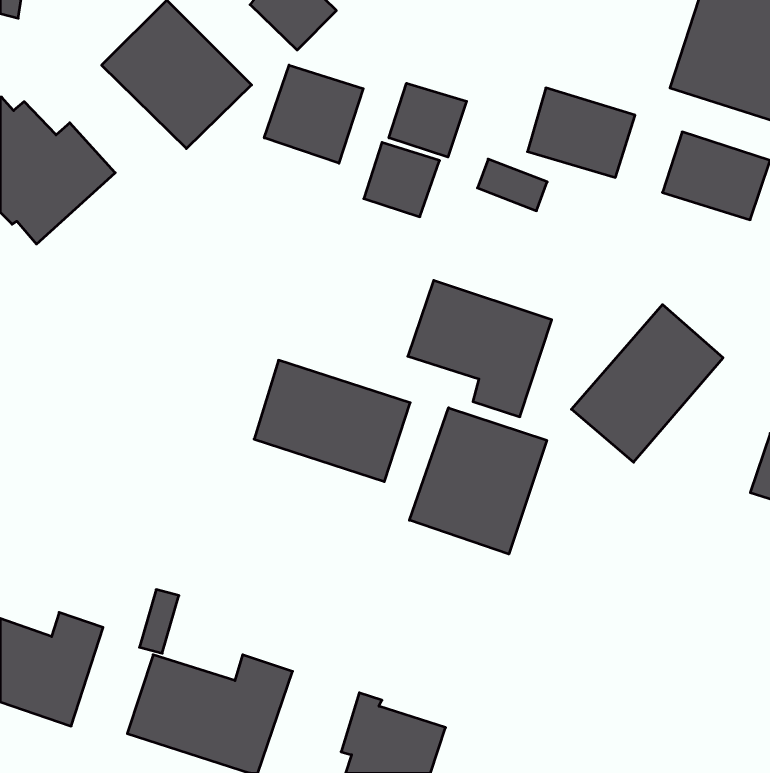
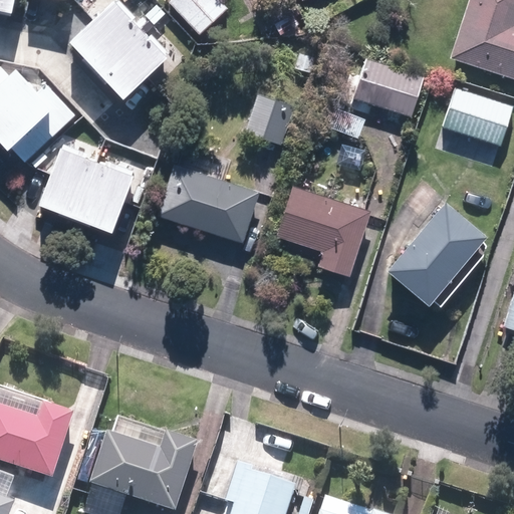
building: [264,65,363,163] -> none
building: [389,83,467,157] -> none
building: none -> [41,148,137,232]
building: [254,360,410,482] -> [155,164,258,244]
building: [409,408,547,554] -> none

